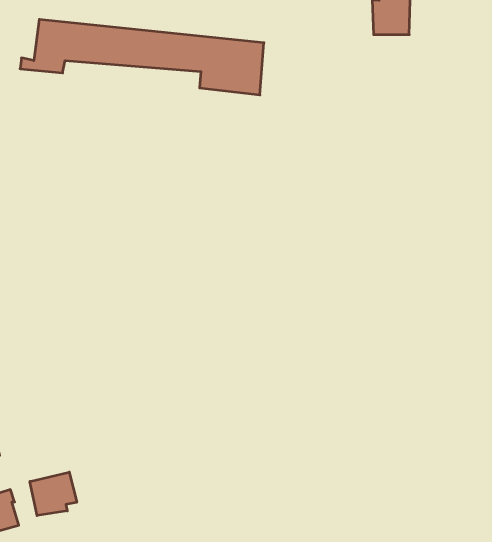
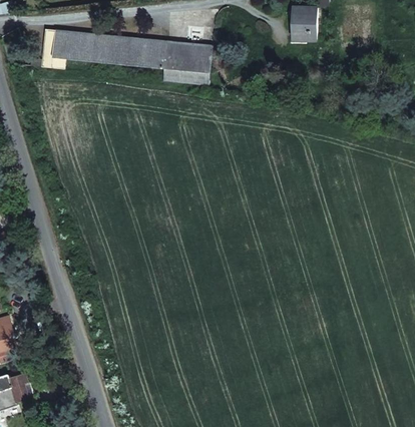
building: [30,472,77,516] -> none

